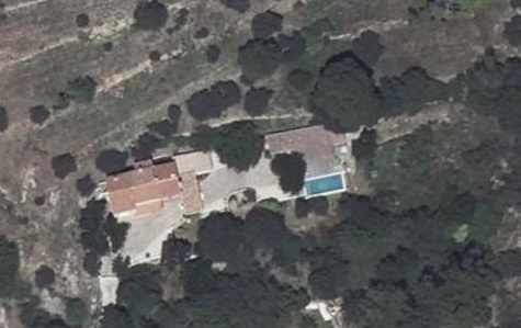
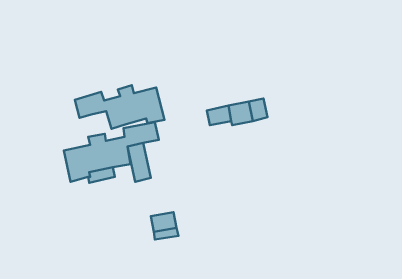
building: none -> [75,85,164,129]

